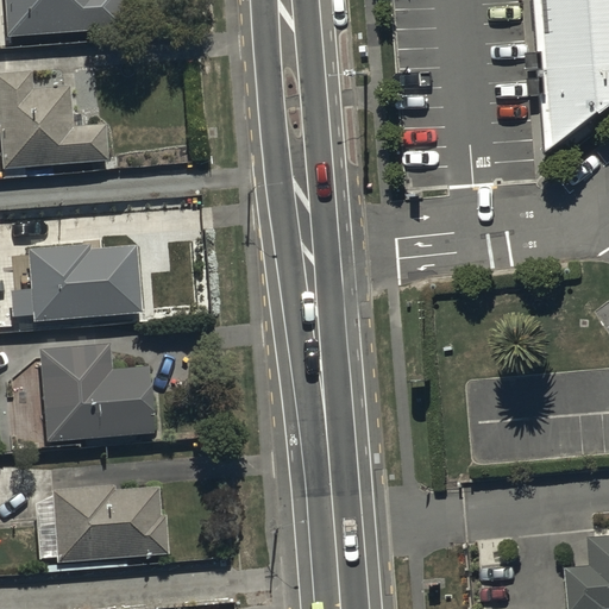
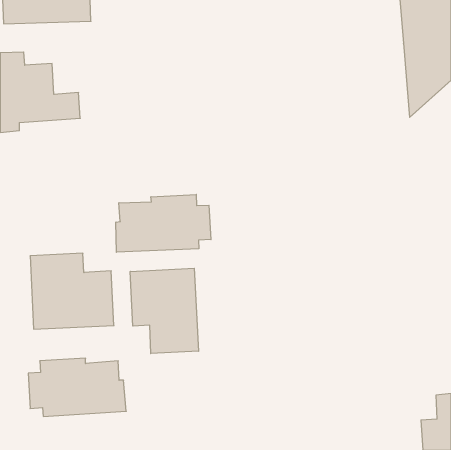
building: [11,243,142,319] -> none
building: none -> [116,194,211,252]
building: none -> [130,268,199,354]

